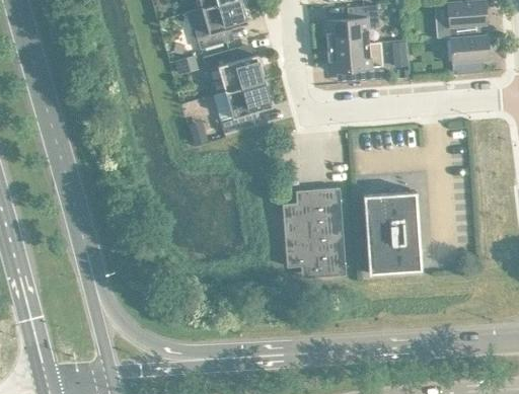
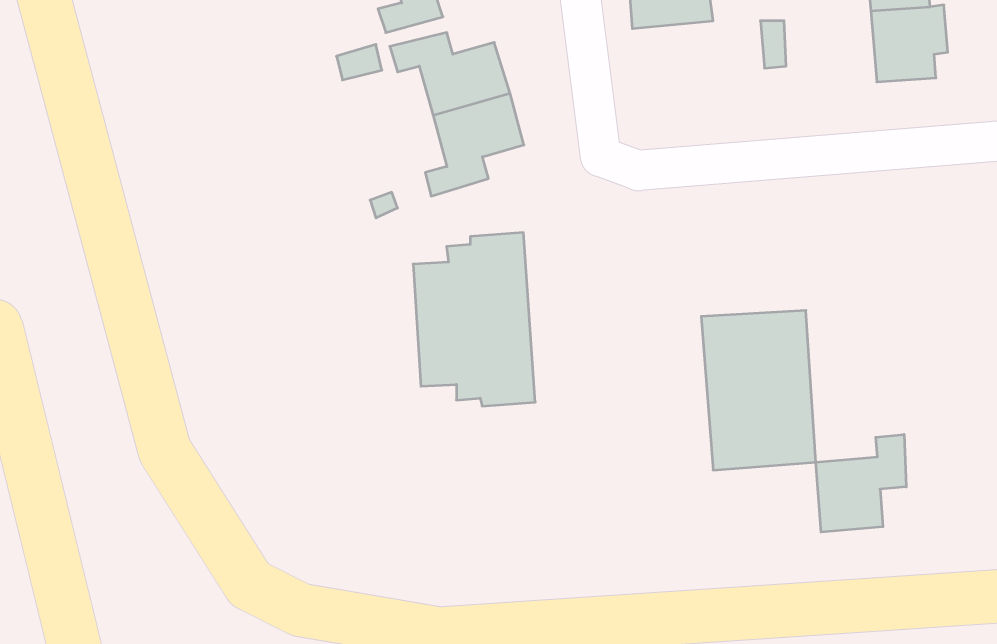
building: [326,43,382,81] -> none
building: [282,187,345,277] -> [413,233,535,406]
building: none -> [816,434,906,532]

